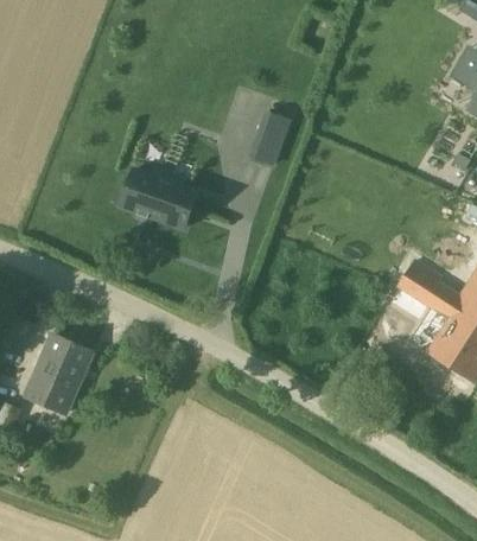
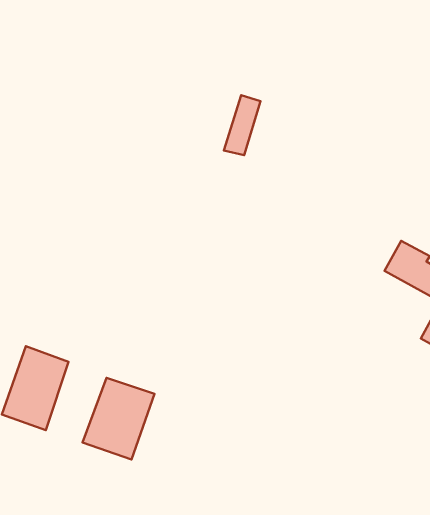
building: [121,168,198,227] -> none
building: none -> [82,378,154,459]

